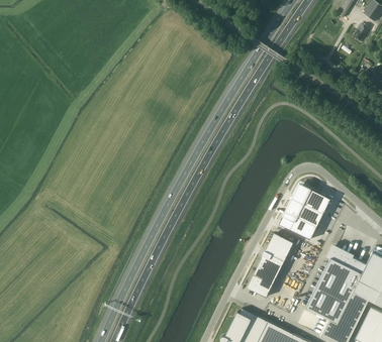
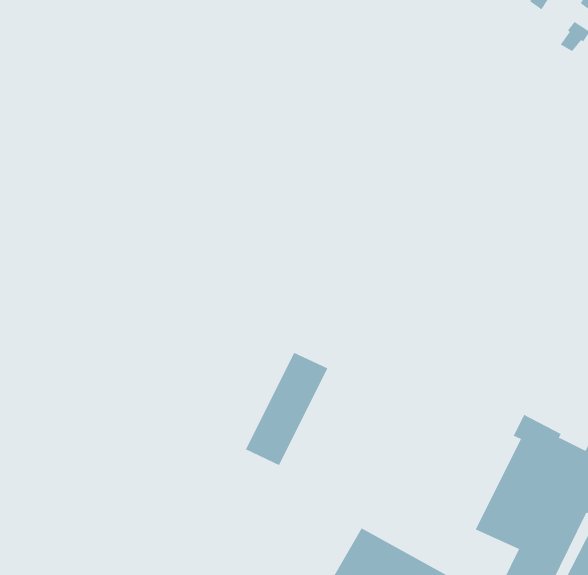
building: [277,190,325,242] -> none
building: [248,234,294,298] -> [245,352,328,466]

